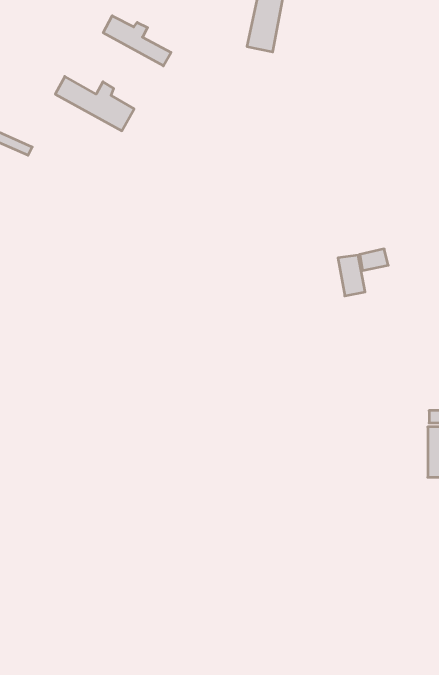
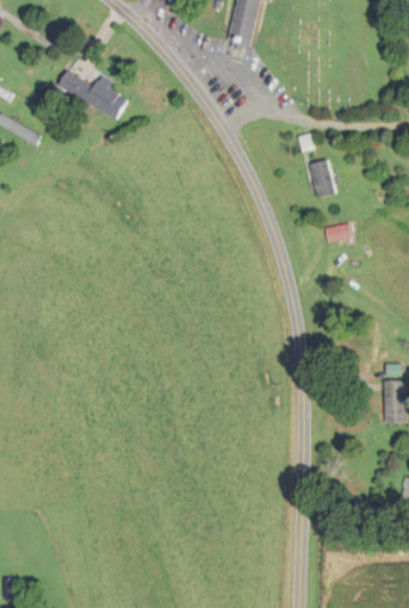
building: [103,16,171,66] -> none
building: [338,255,365,296] -> [310,160,334,196]

